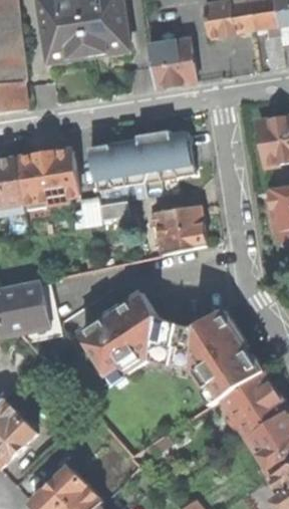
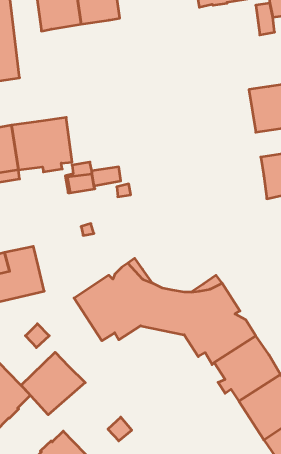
building: [147,39,194,87] -> none
building: [88,132,194,188] -> none
building: [149,205,205,253] -> none
building: none -> [21,352,85,415]

